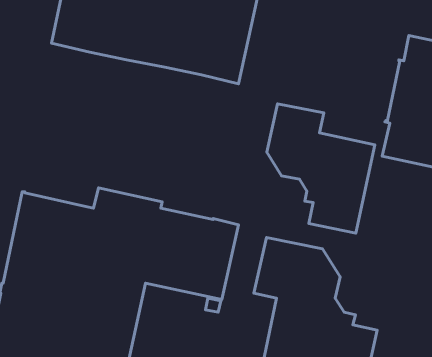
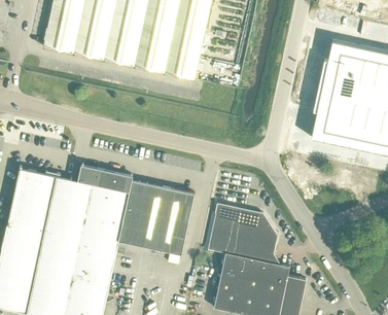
building: [267,104,375,233] -> none

